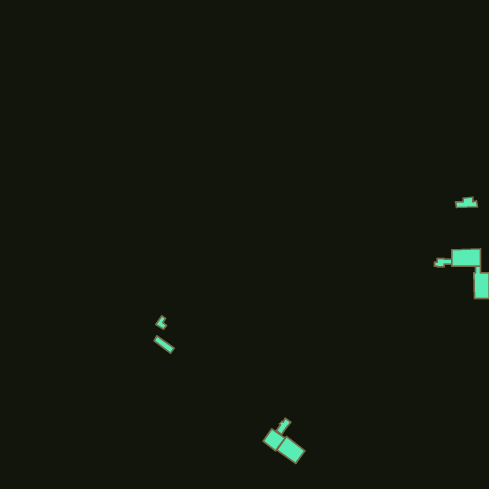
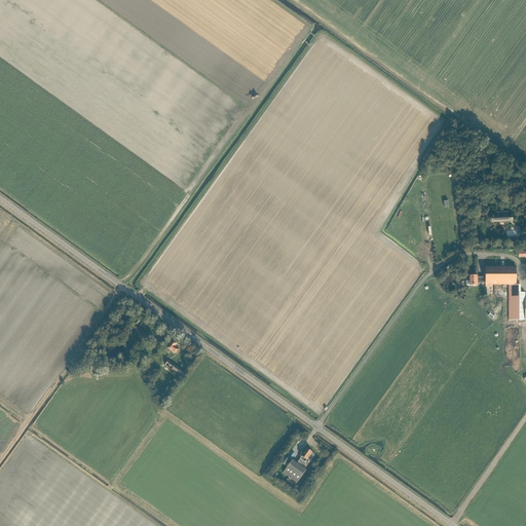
building: [277,436,305,463] -> none

